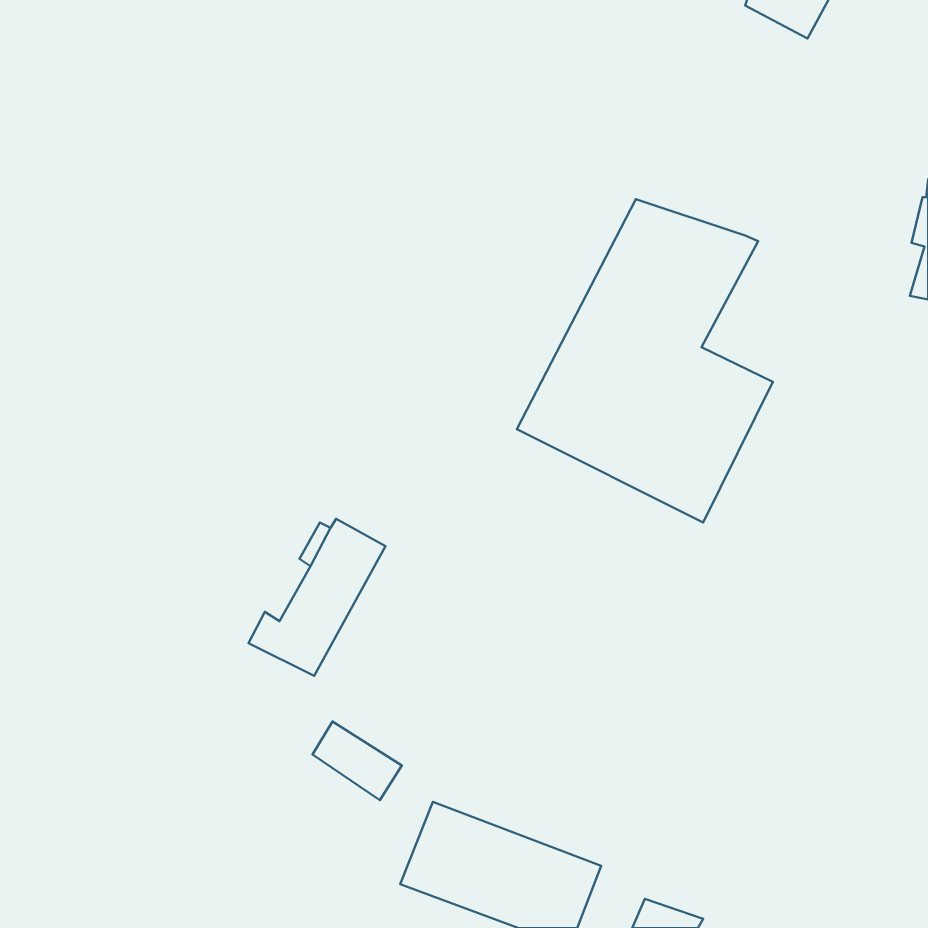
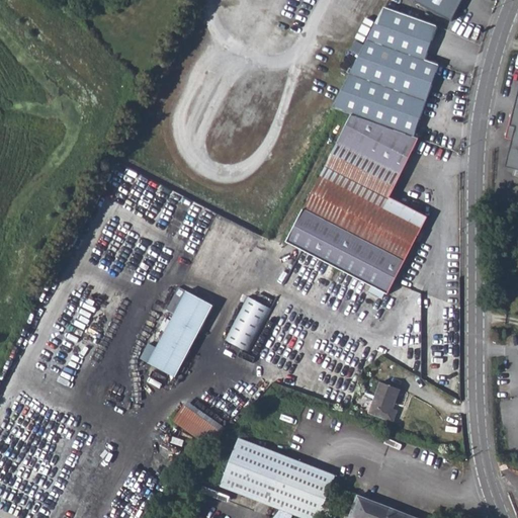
building: none -> [331,10,439,131]
building: none -> [225,292,270,350]
building: none -> [368,385,397,424]

